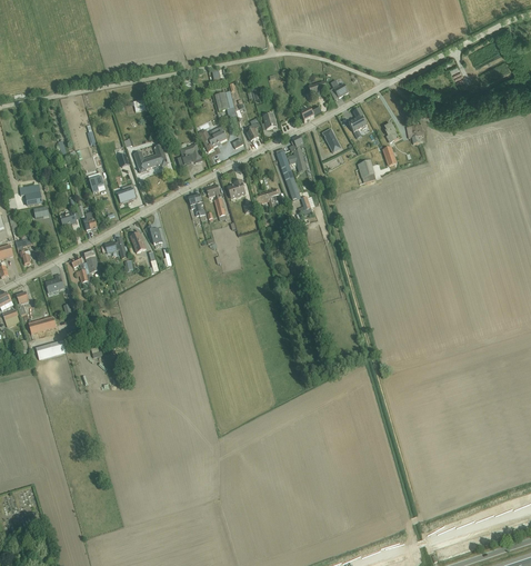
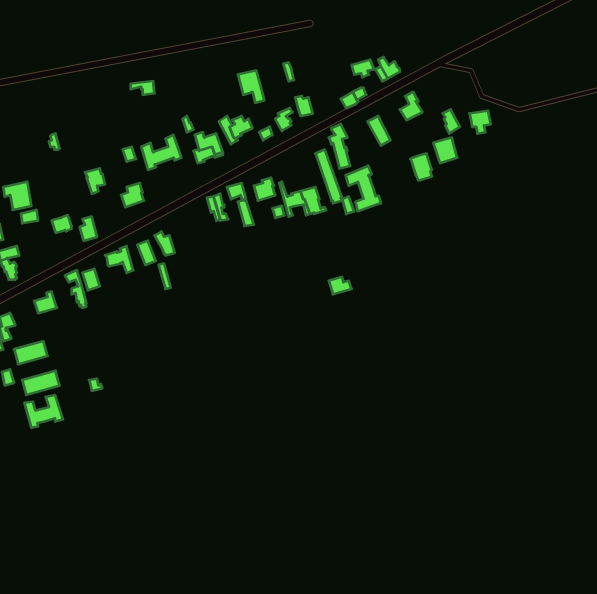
building: none -> [346,166,381,211]
building: none -> [25,395,63,428]

